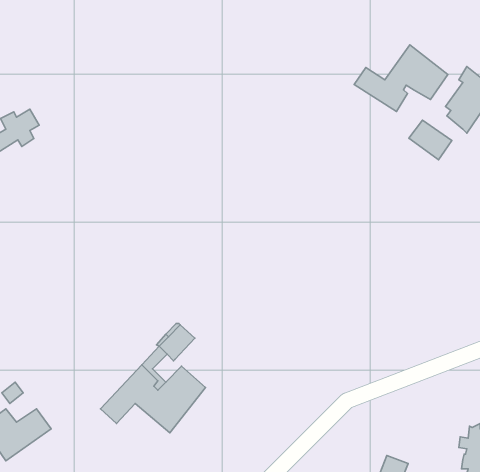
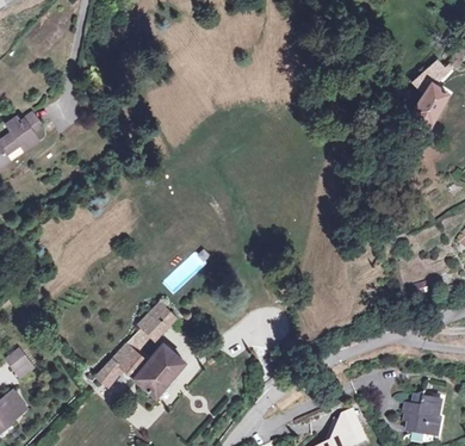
building: [354,45,448,112] -> none
building: [409,120,452,160] -> none

